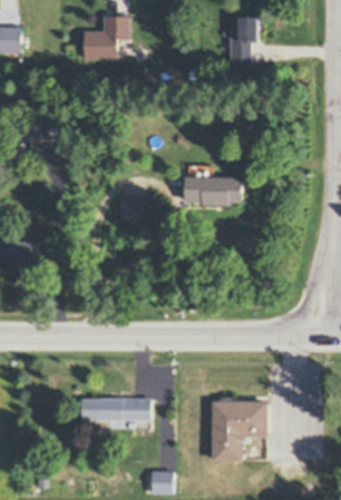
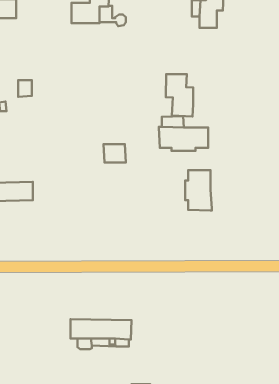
building: none -> [166,74,193,116]
building: none -> [185,170,212,211]
building: [213,398,263,459] -> none

